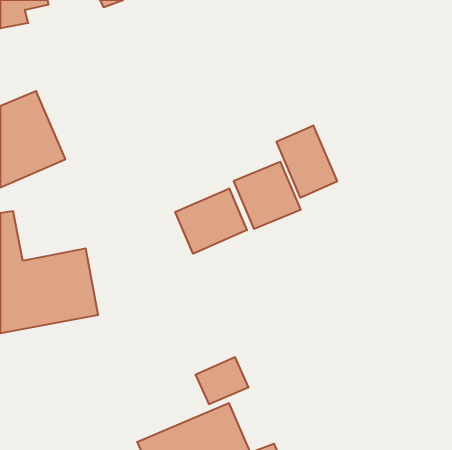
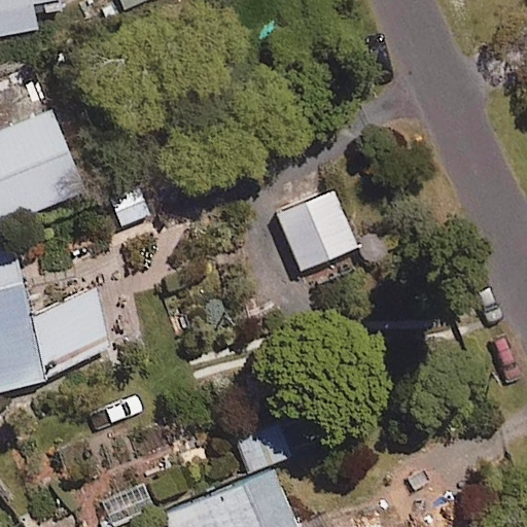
building: [277,125,337,198] -> none
building: [175,188,247,254] -> none

